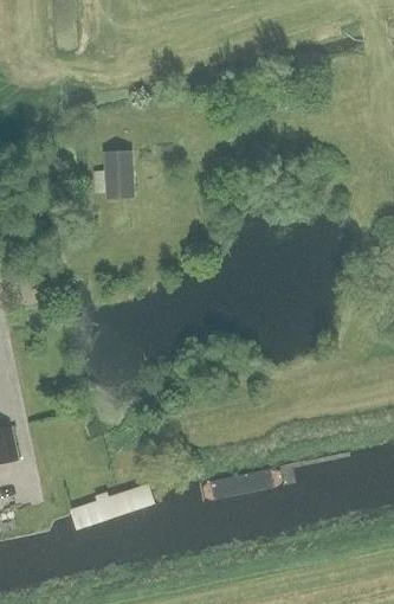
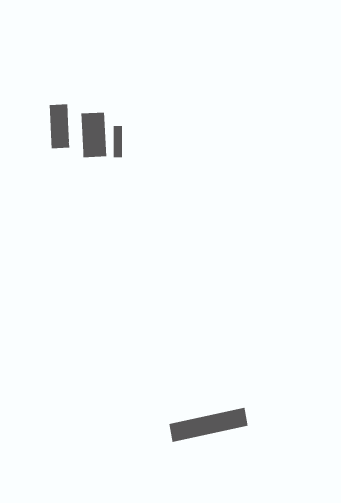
building: none -> [49,103,70,149]

